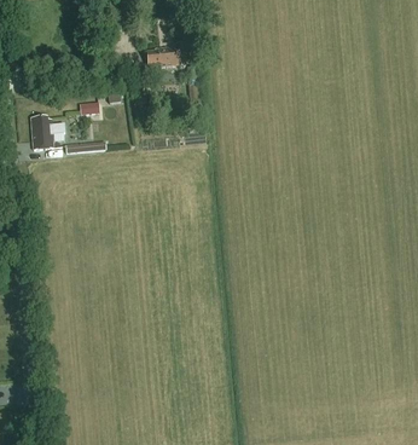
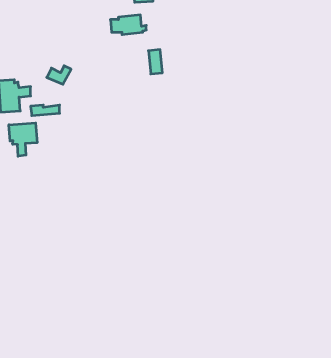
building: none -> [9,123,37,156]

